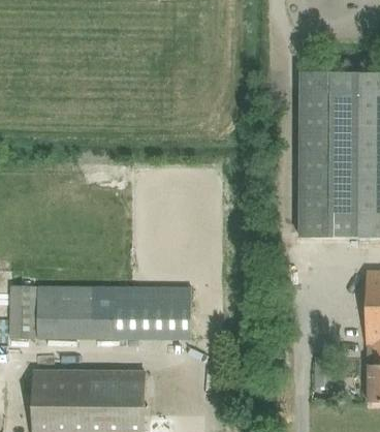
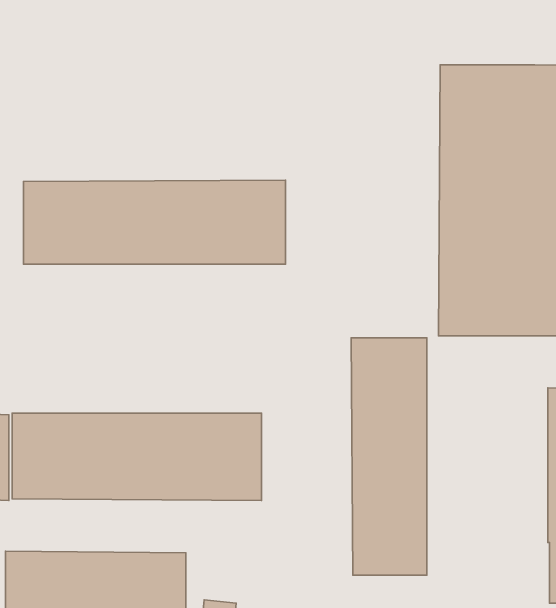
building: none -> [23,180,286,264]
building: none -> [351,338,427,575]

